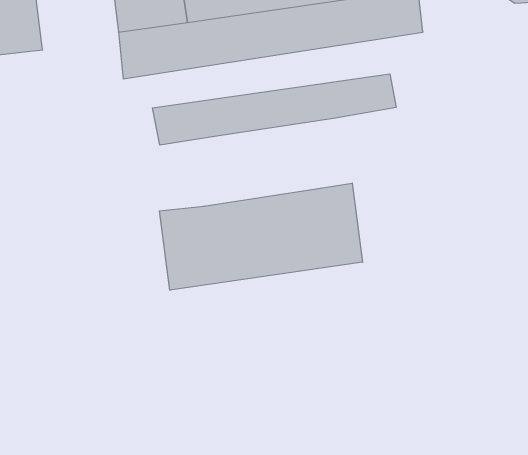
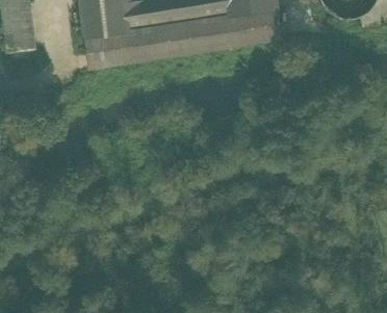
building: [153,74,396,145] -> none
building: [160,183,363,290] -> none

